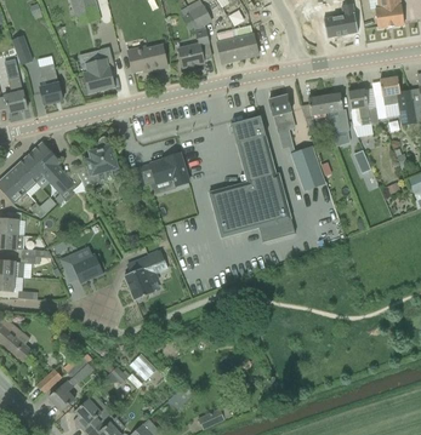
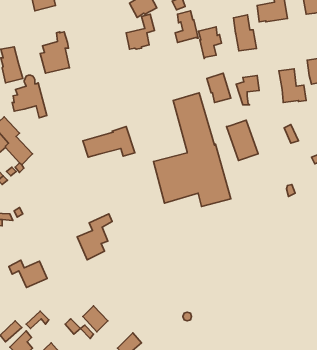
building: [216,28,241,63] -> [199,27,222,59]
building: [127,44,167,71] -> none
building: [324,92,349,132] -> [233,15,256,51]
building: [85,136,124,183] -> [12,75,47,118]
building: [61,252,103,282] -> [9,260,47,287]

